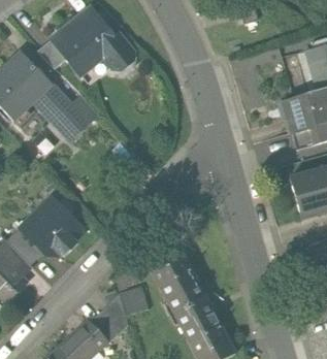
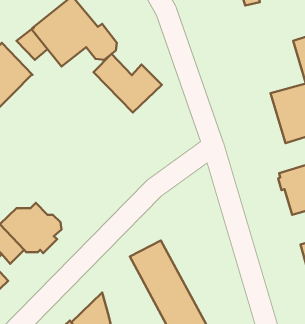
building: [33,84,99,140] -> [93,54,162,113]
building: [118,285,150,316] -> none

